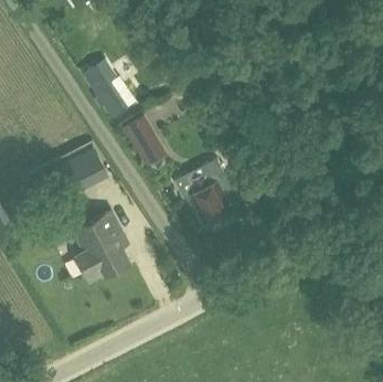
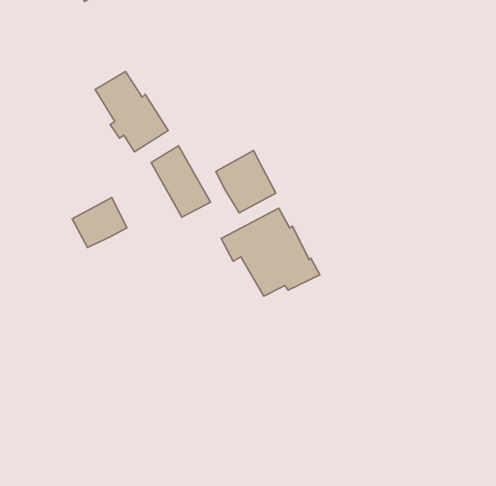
building: none -> [216,150,276,213]
building: [73,210,131,286] -> none

